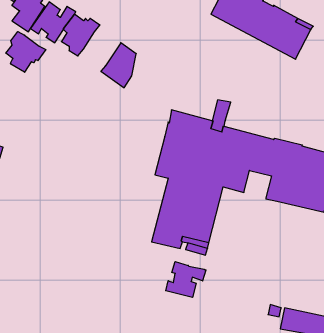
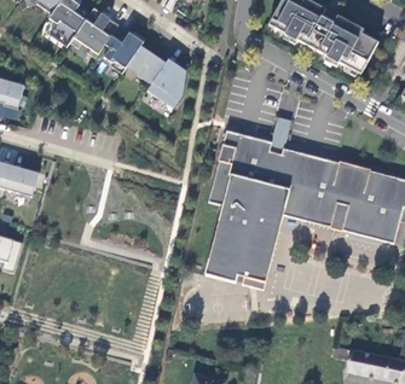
building: [6,32,46,72] -> none
building: none -> [128,46,169,83]
building: none -> [305,198,335,228]
building: [166,262,206,297] -> none

